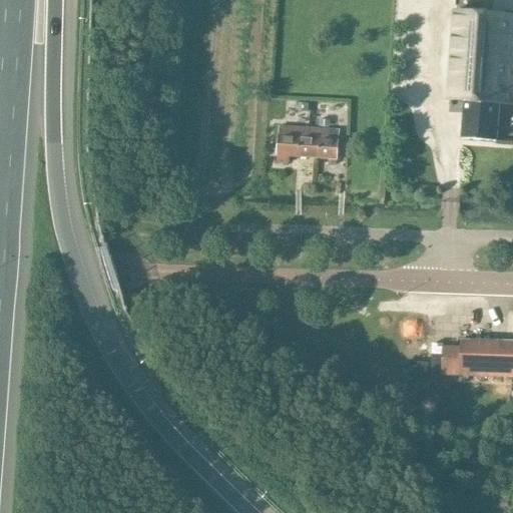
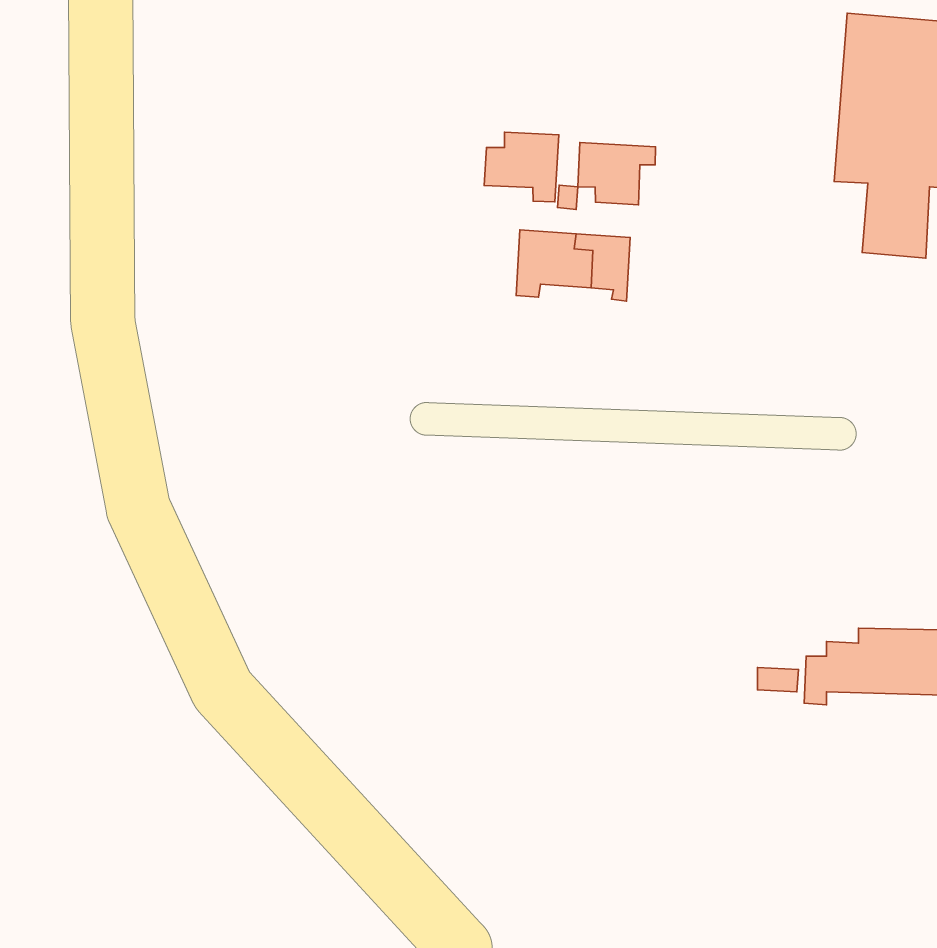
building: none -> [484,132,559,202]
building: none -> [578,143,655,205]

